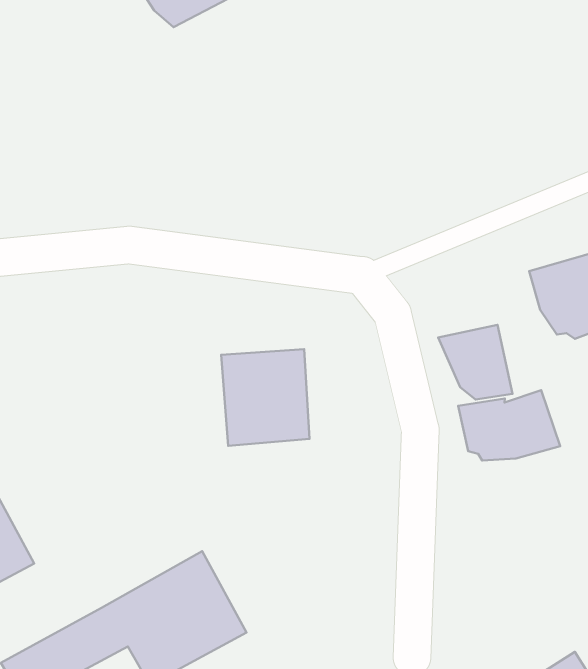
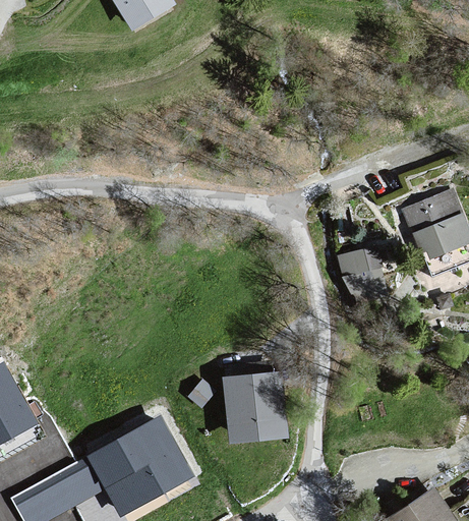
building: [221,349,310,446] -> [223,374,288,446]
building: [458,390,560,461] -> none

